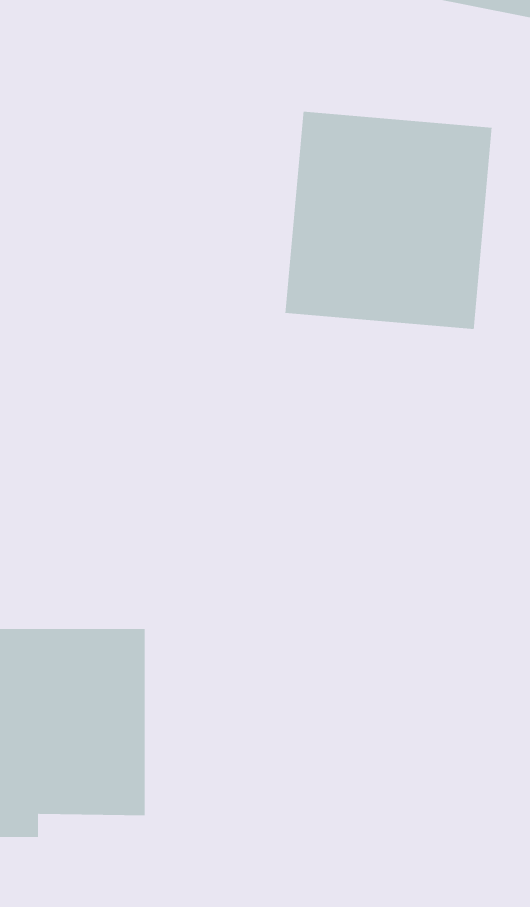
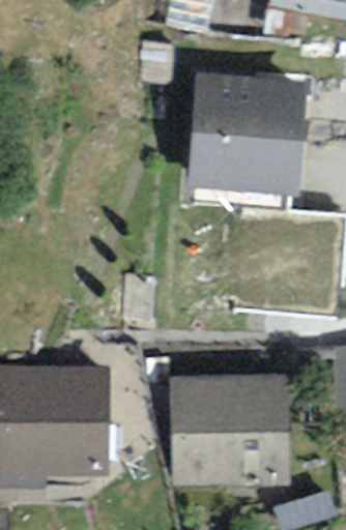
building: none -> [172,379,289,487]

